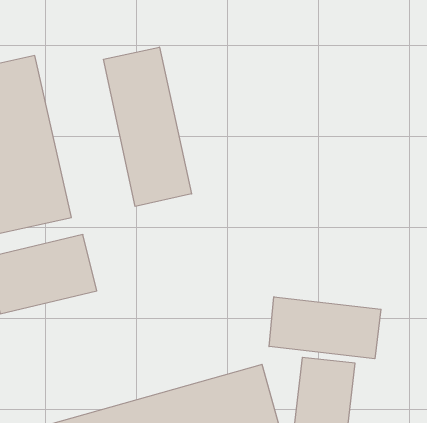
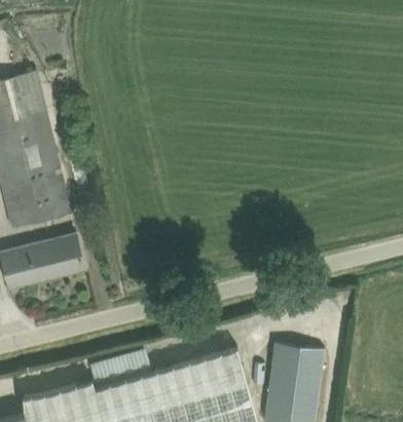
building: [104,47,192,206] -> none
building: [269,297,381,359] -> none

